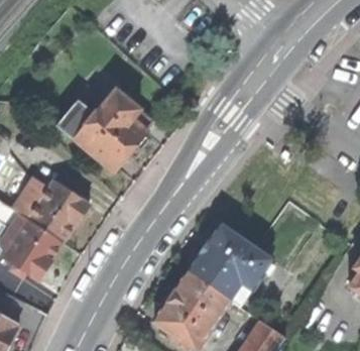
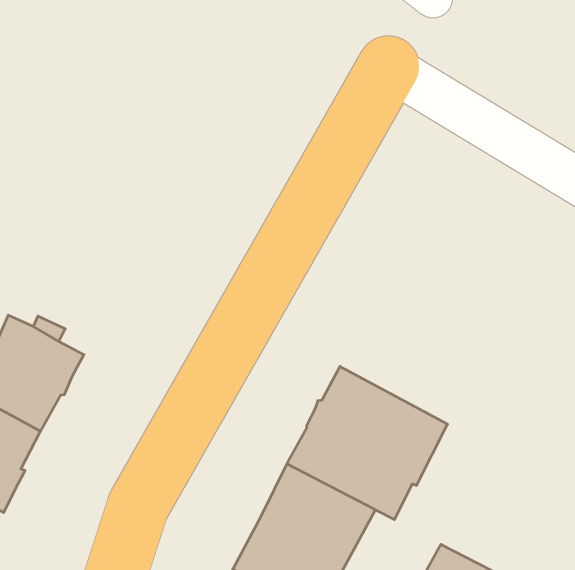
building: [58,92,152,172] -> none

